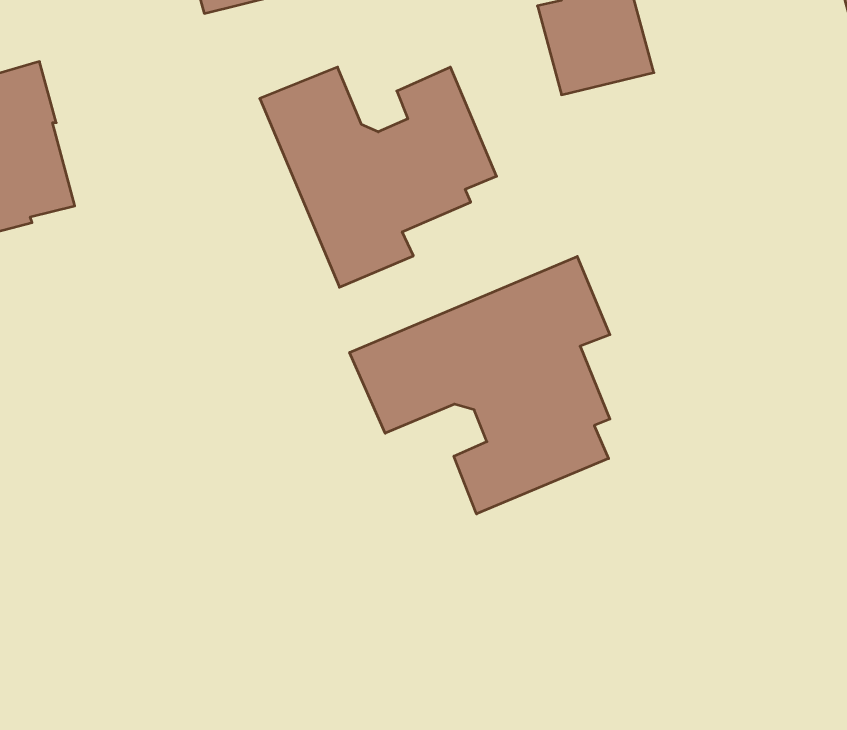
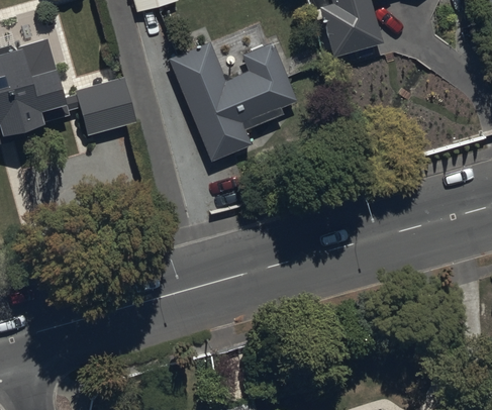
building: none -> [75,76,135,134]
building: [350,256,610,514] -> none

